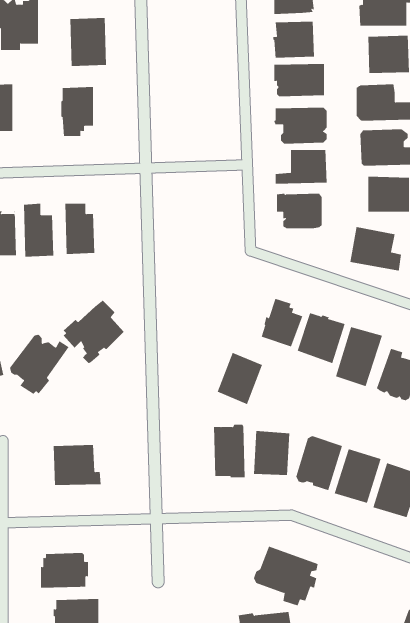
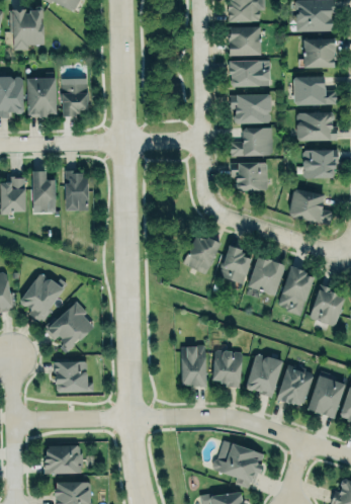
building: [70,18,107,66] -> [27,76,57,114]
building: [63,300,124,364] -> [46,302,94,352]
building: [217,352,263,405] -> [183,233,220,274]

